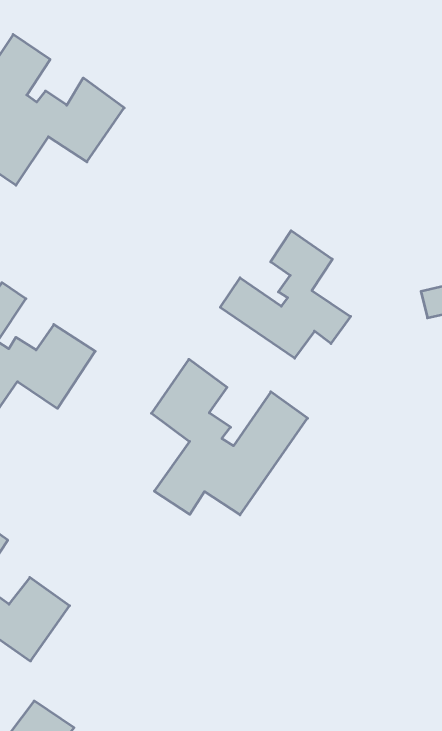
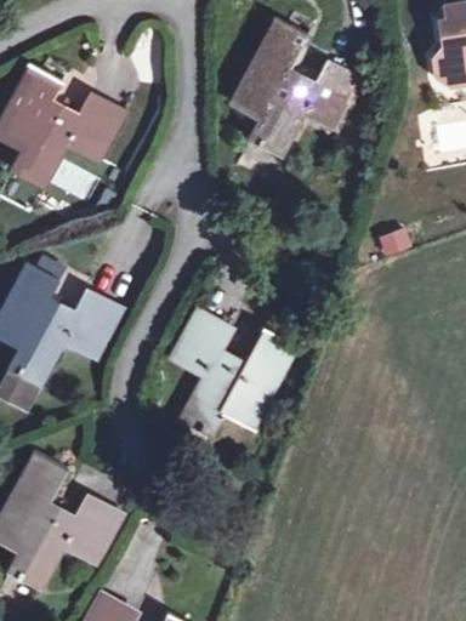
building: none -> [232,19,360,155]
building: [220,231,351,358] -> none

